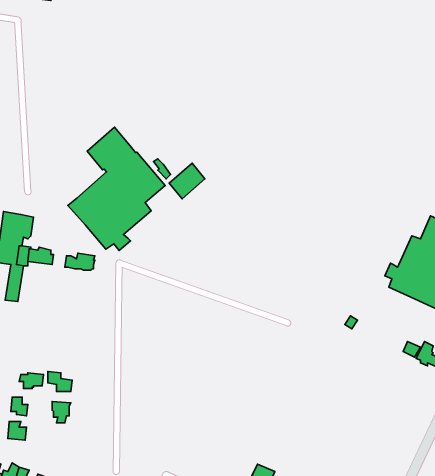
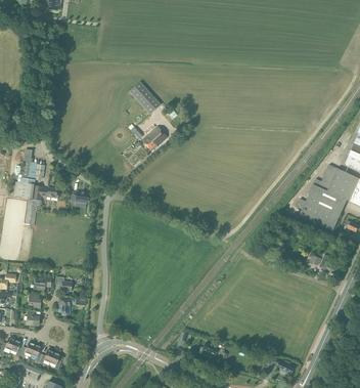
building: none -> [129,81,161,115]
building: [68,127,165,251] -> none

